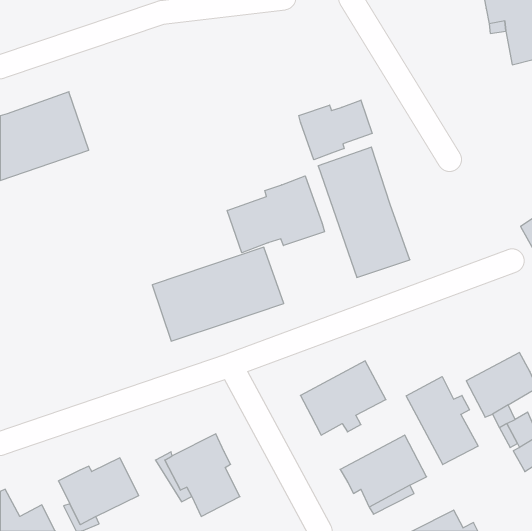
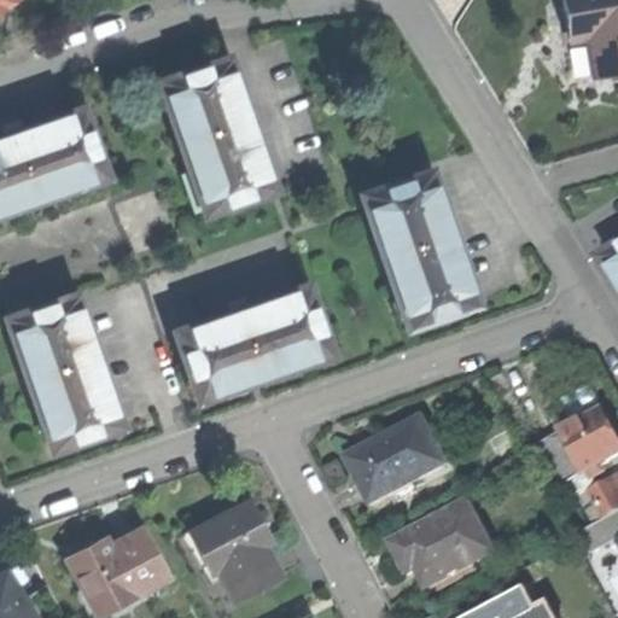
building: none -> [159,56,273,210]
building: [299,100,372,160] -> none
building: [227,176,324,253] -> none
building: none -> [7,295,119,447]
building: [406,377,478,465] -> none

